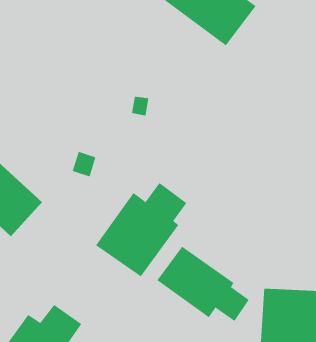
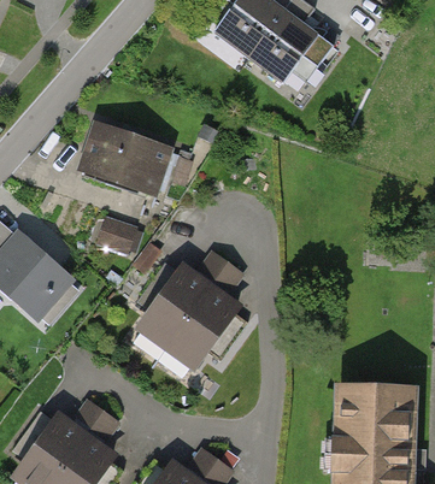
building: none -> [84,125,167,188]
building: [156,246,250,322] -> none

